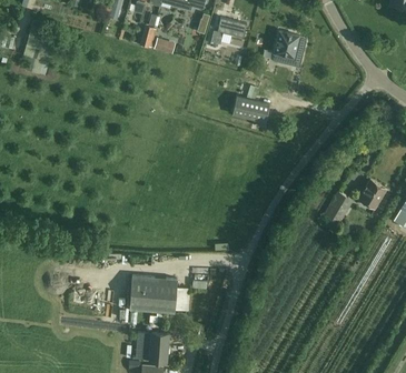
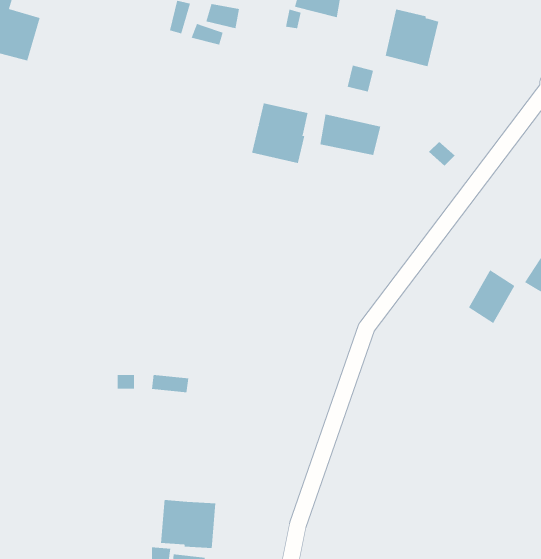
building: none -> [251,102,308,164]
building: [129,275,190,312] -> none

